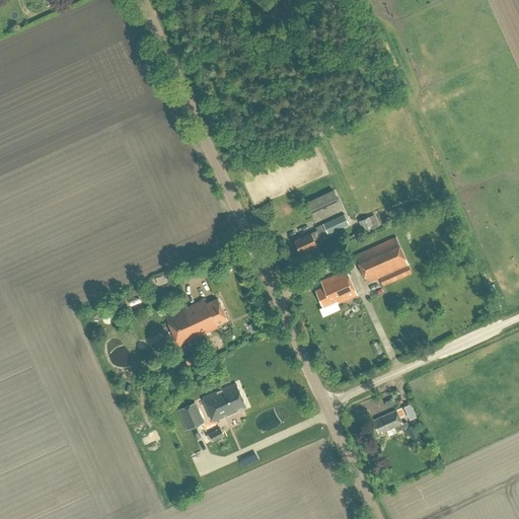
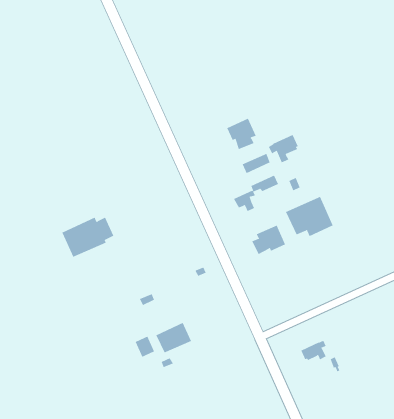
building: none -> [227,118,257,150]
building: none -> [268,134,299,163]
building: [163,298,225,346] -> [62,217,114,258]

